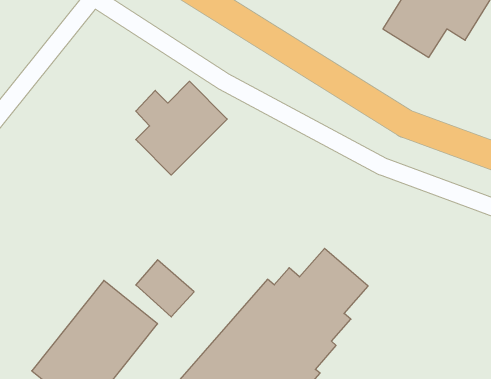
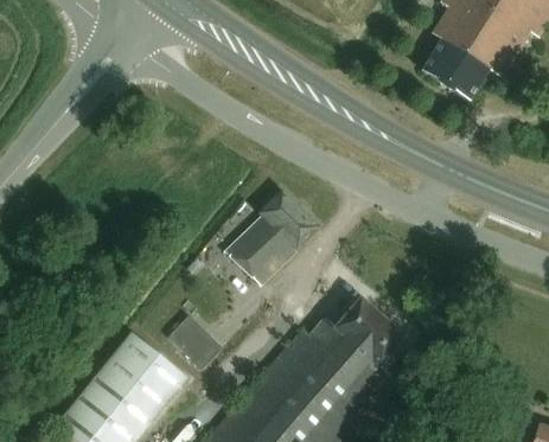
building: [136,81,227,175] -> [226,187,321,284]

